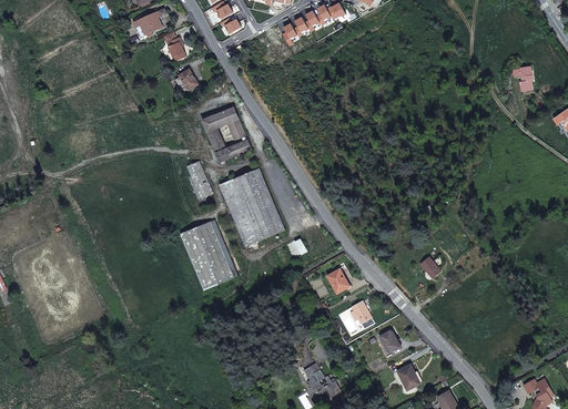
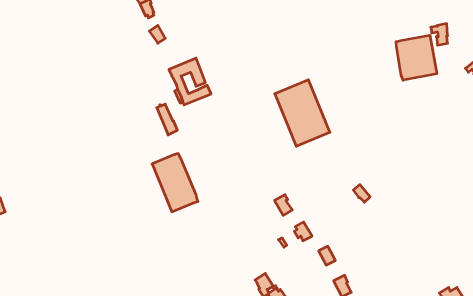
building: none -> [396,35,437,80]
building: [219,167,284,246] -> [275,80,330,146]

